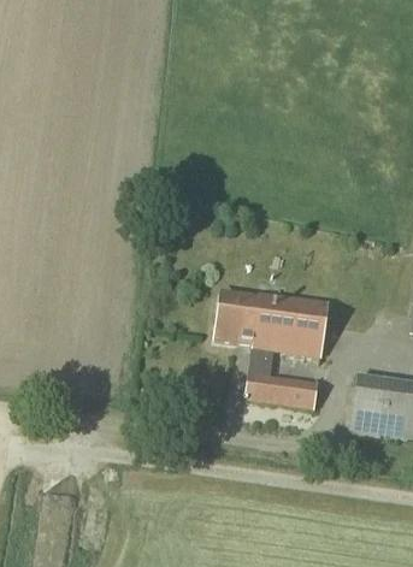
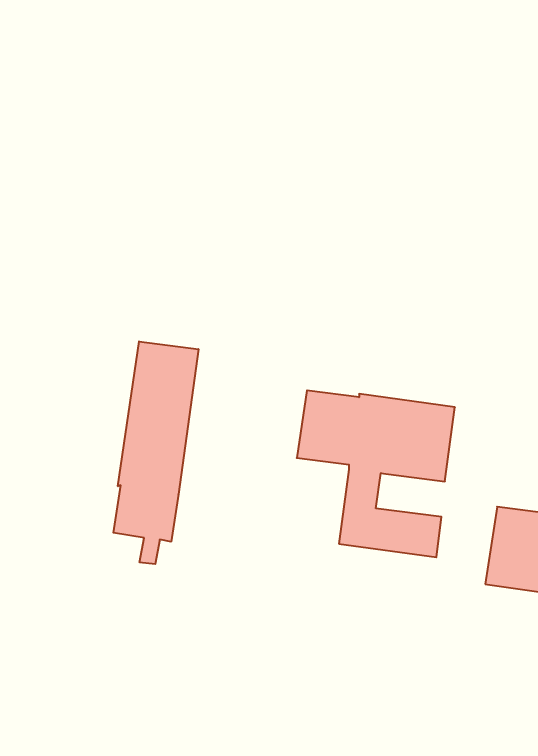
building: none -> [113,341,198,564]

